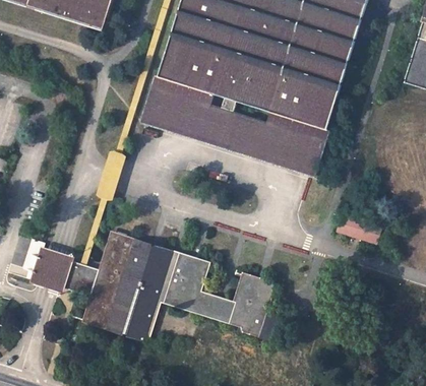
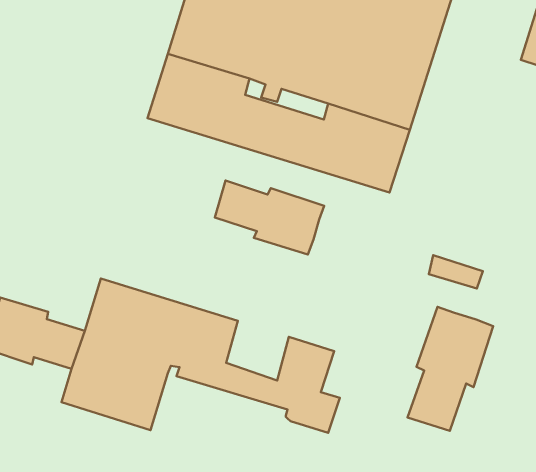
building: none -> [215,181,324,254]
building: none -> [408,307,493,431]

